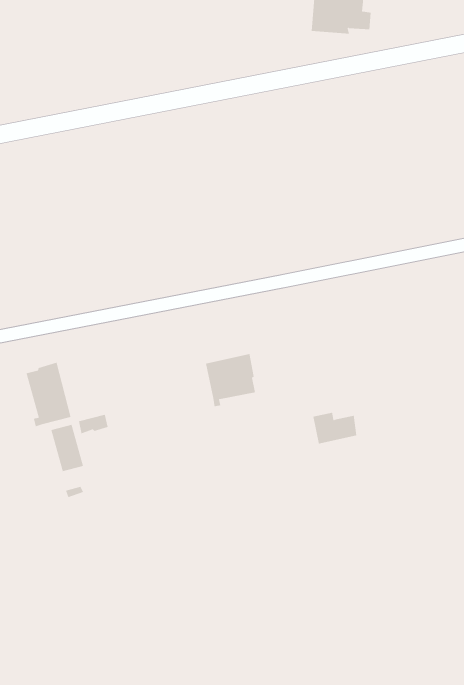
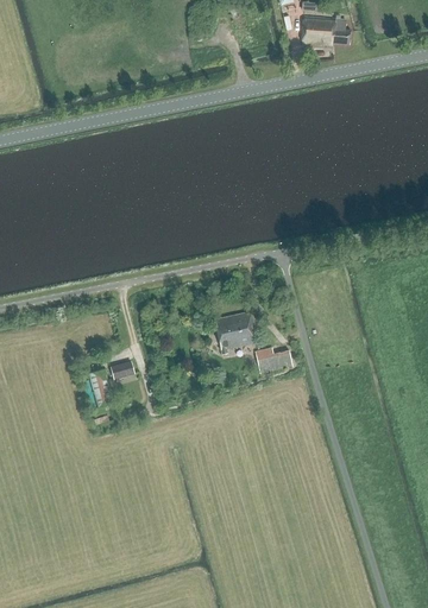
building: [26,362,71,427] -> none
building: [312,412,357,444] -> [254,346,291,372]

